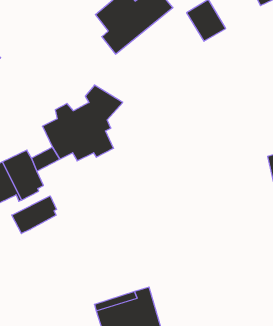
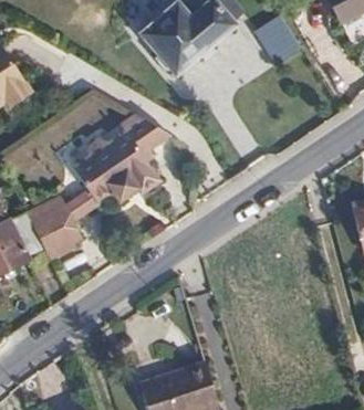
building: [12,196,56,234] -> none

